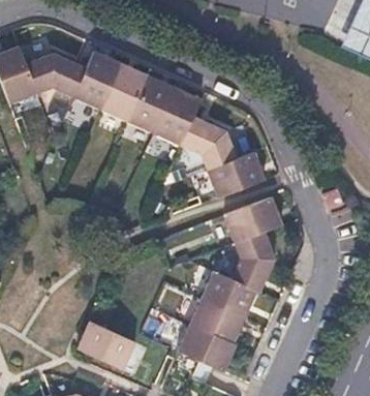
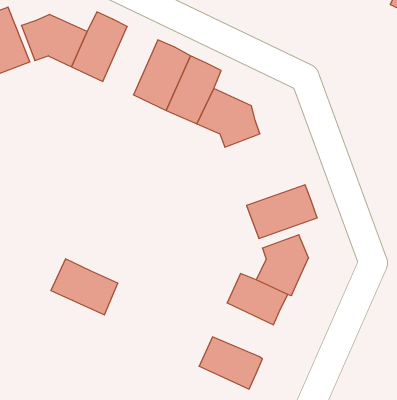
building: [99,62,146,120] -> none
building: [204,150,265,197] -> none
building: [192,297,244,342] -> none
building: [76,322,133,369] -> [51,259,118,315]

